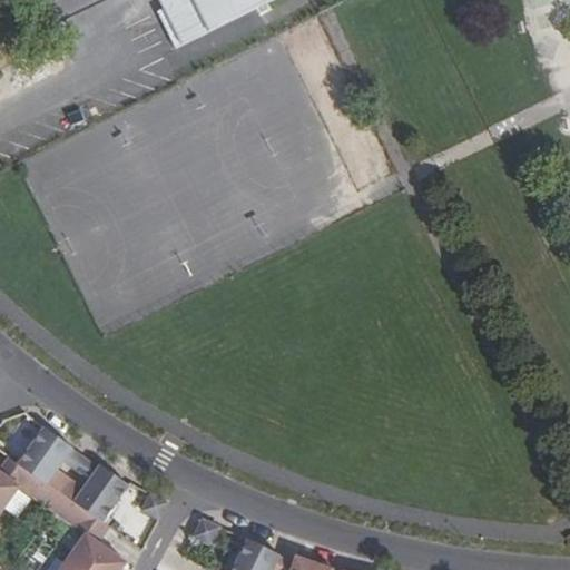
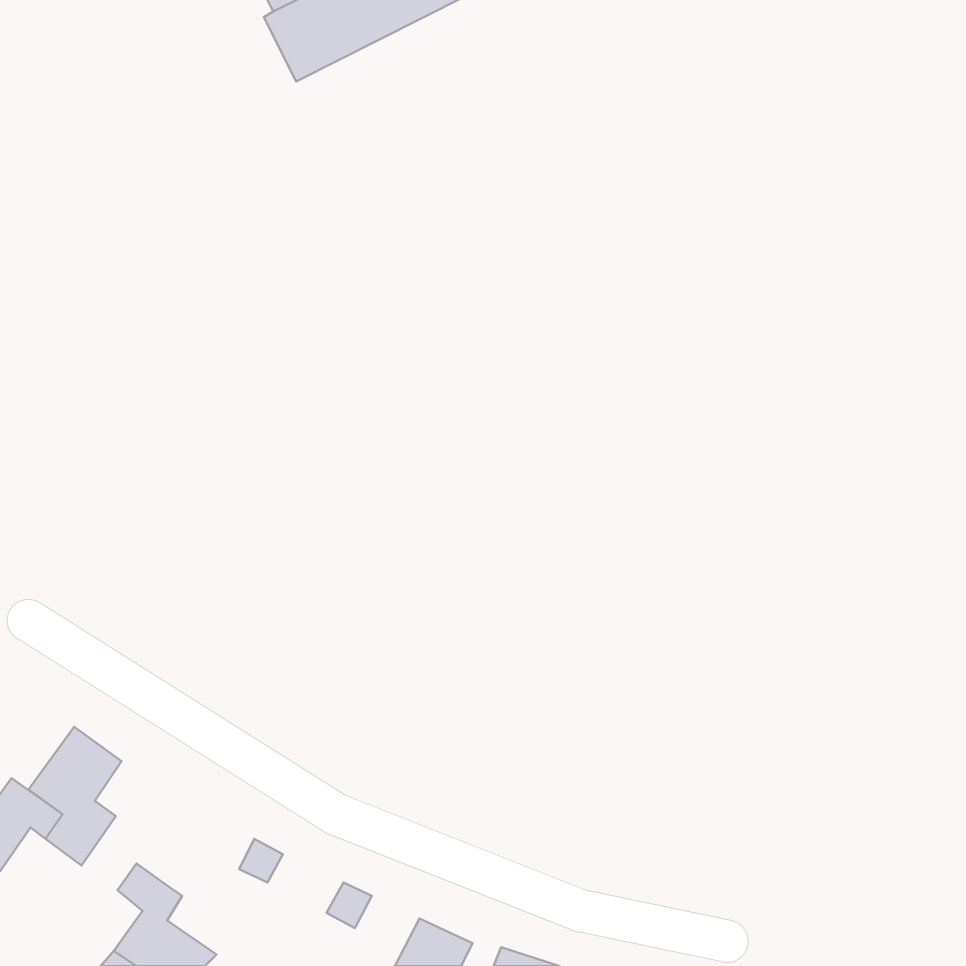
building: [48,464,128,522] -> none

